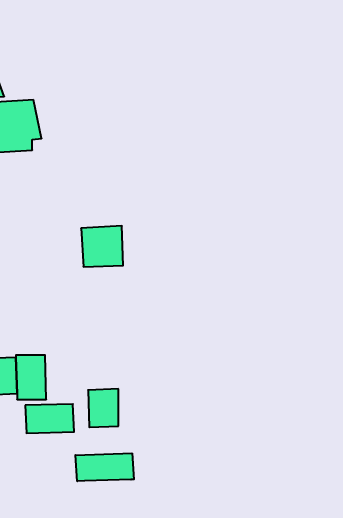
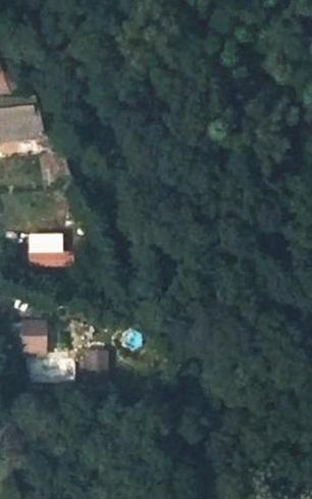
building: [81,226,123,267] -> [24,230,61,265]
building: [75,453,134,481] -> none

